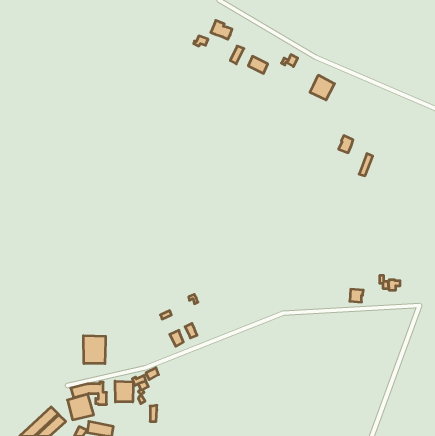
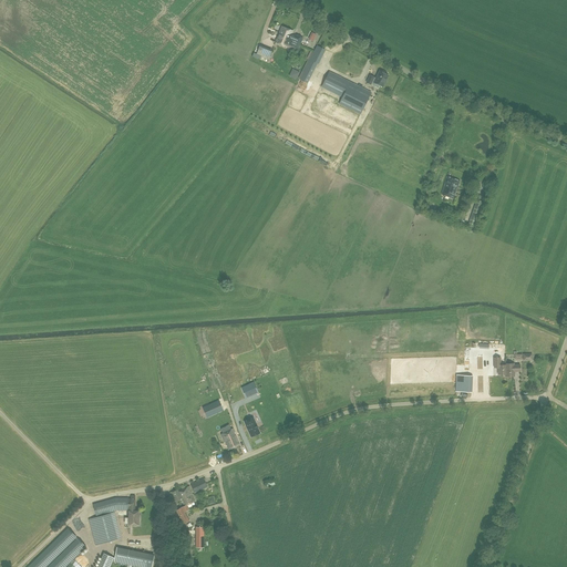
building: [310,75,335,100] -> [338,82,370,114]
building: [83,336,106,364] -> none
building: [115,381,133,402] -> none

